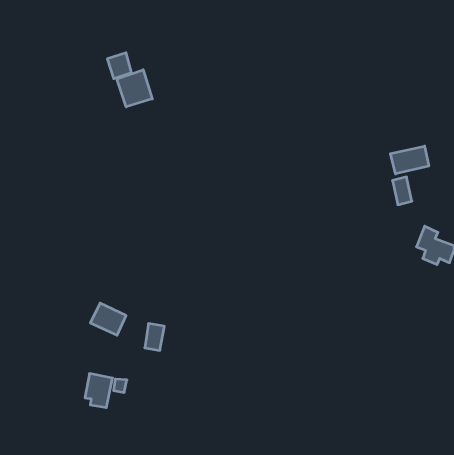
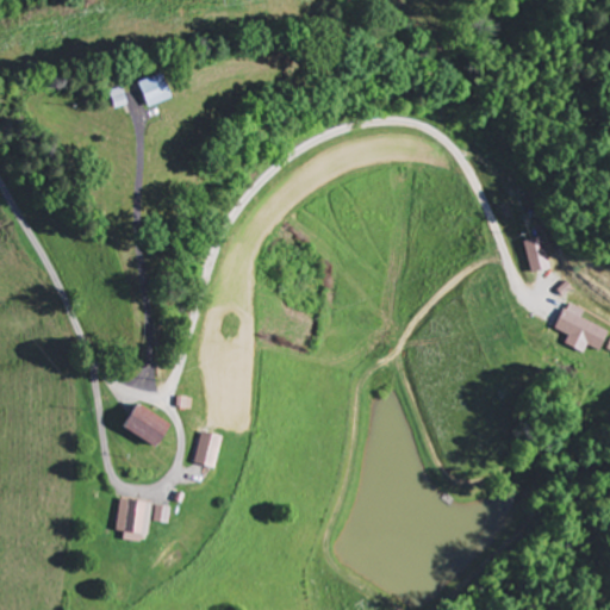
building: [117,70,152,107] -> none
building: [390,146,429,174] -> none

